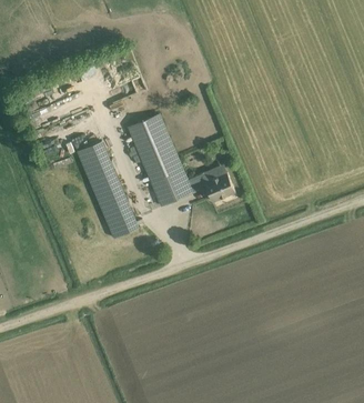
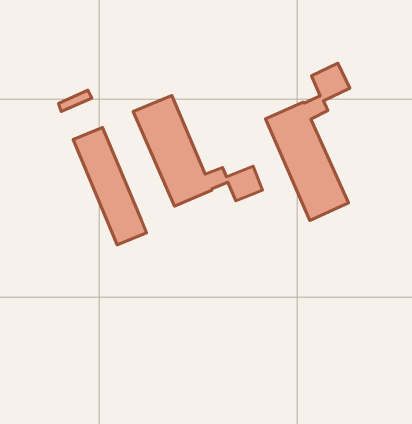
building: none -> [266,63,350,221]

